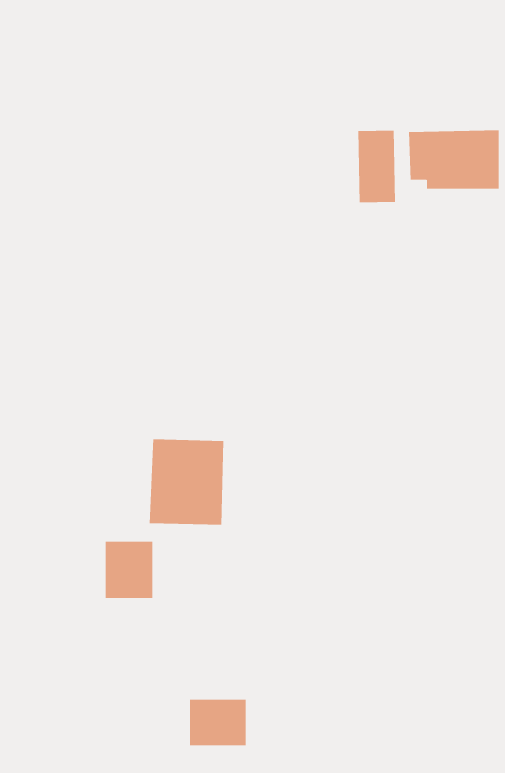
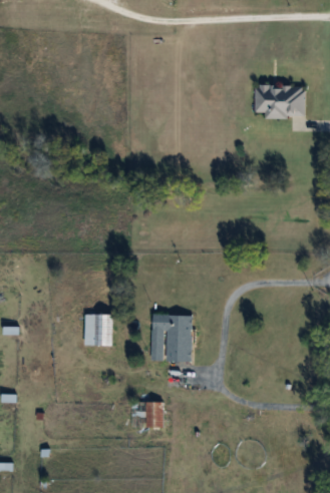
building: [358,130,396,203] -> none
building: [149,439,224,525] -> [150,314,193,362]

